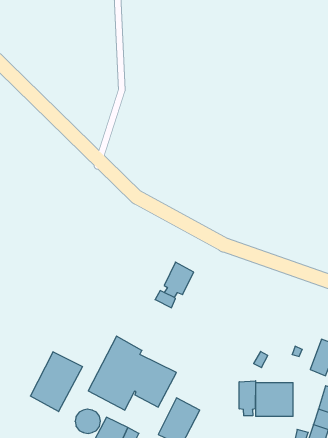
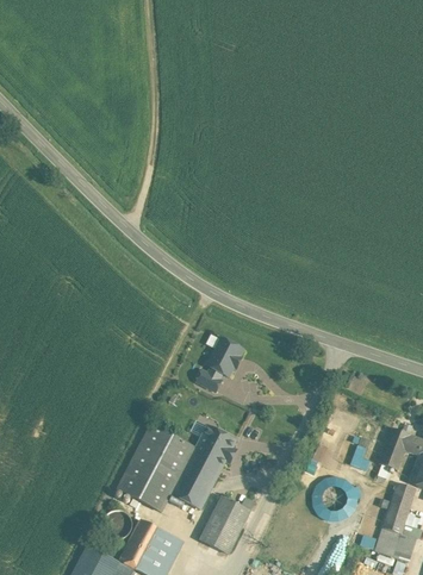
building: none -> [180,427,236,468]
building: [30,352,82,412] -> none
building: [239,381,256,416] -> none

